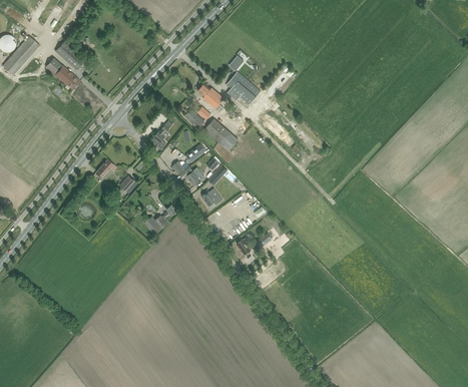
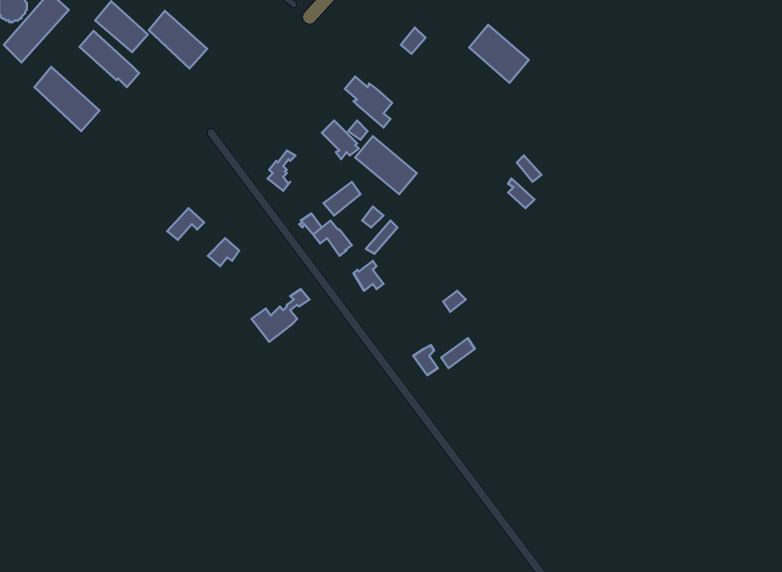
building: none -> [149,11,207,69]
building: [226,71,261,104] -> [469,25,529,83]
building: none -> [35,67,100,131]

